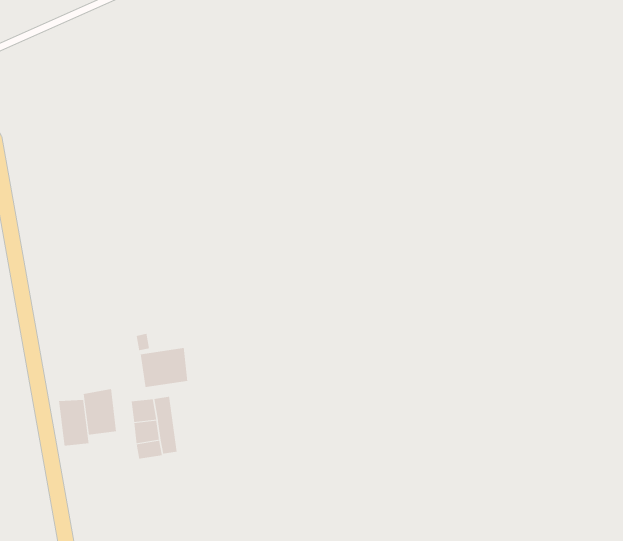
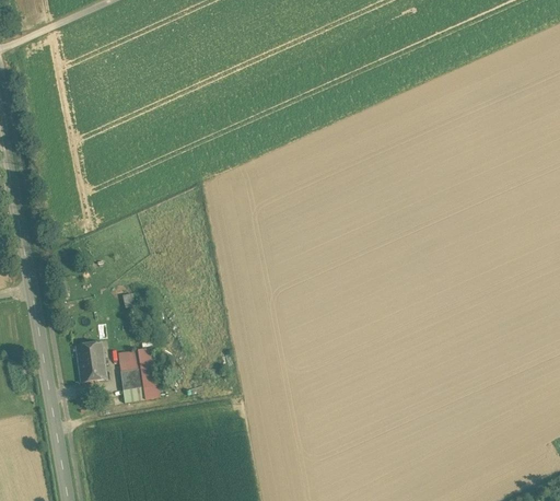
building: [140,347,188,388] -> none
building: [58,399,89,447] -> none

